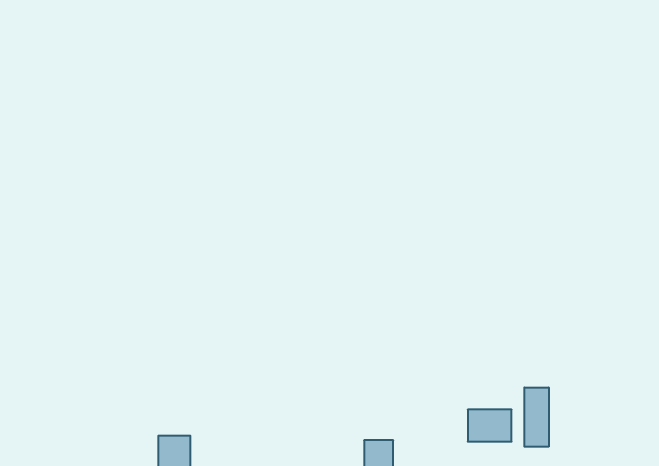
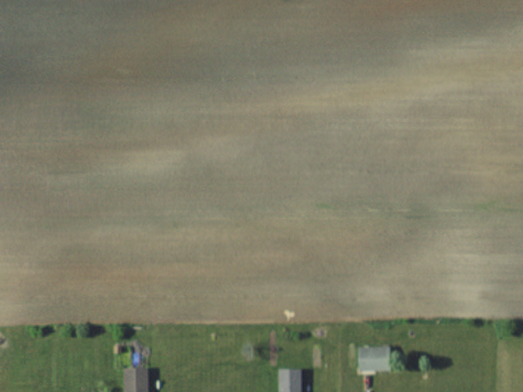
building: [524,387,549,447] -> none

